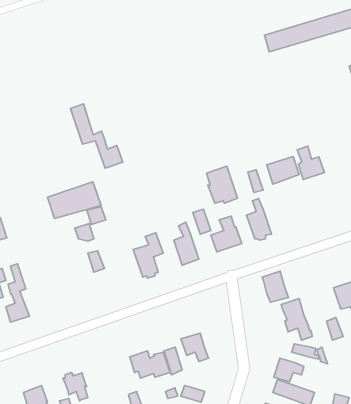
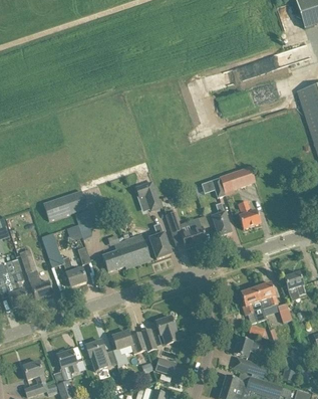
building: [70,104,123,168] -> [42,232,86,286]
building: [297,146,325,180] -> [238,200,261,228]
building: [207,166,238,203] -> [135,180,162,211]
building: none -> [92,242,123,273]
building: none -> [20,248,53,298]
building: [262,271,288,302] -> [255,281,277,308]
building: none -> [85,340,117,370]

